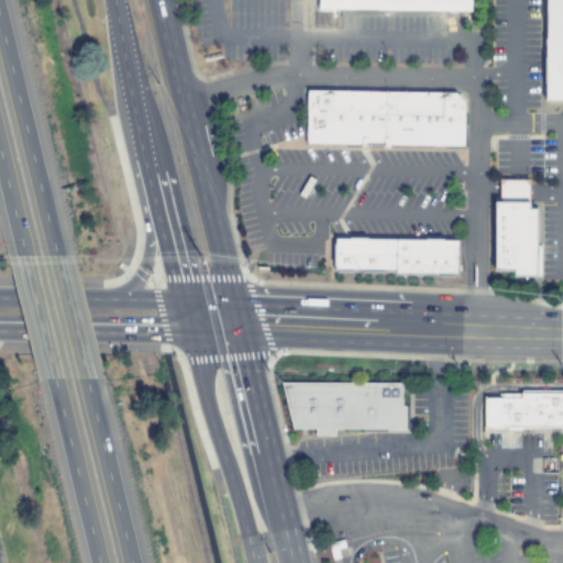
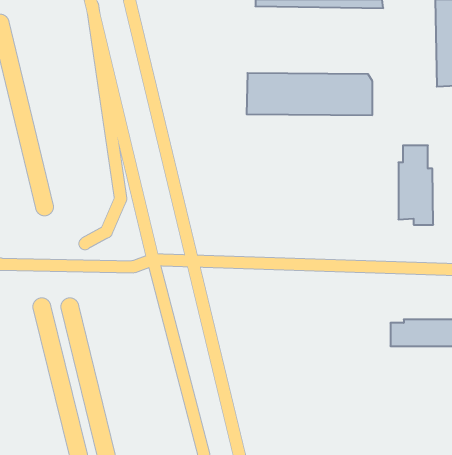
building: [334,240,460,276] -> none
building: [284,382,408,434] -> none

